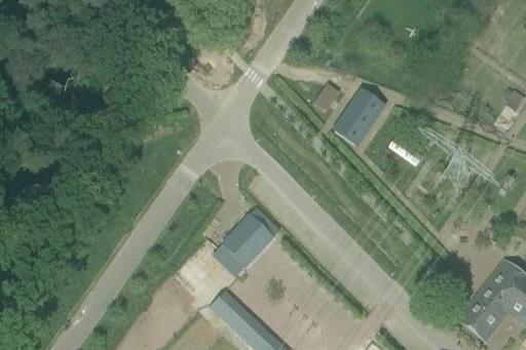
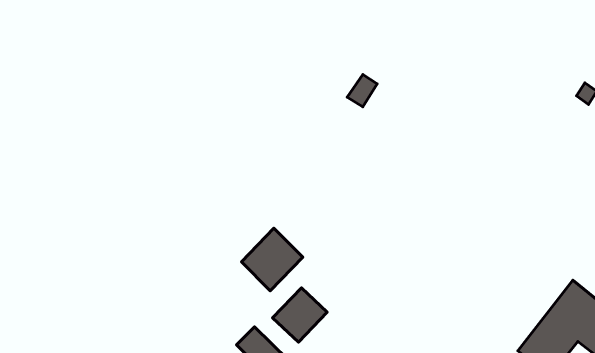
building: [334,88,385,145] -> none
building: none -> [273,288,327,342]

